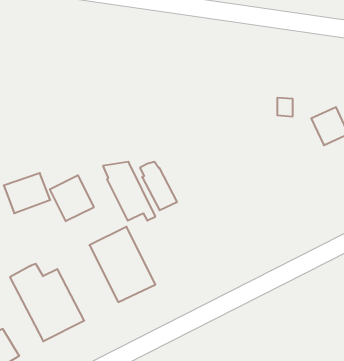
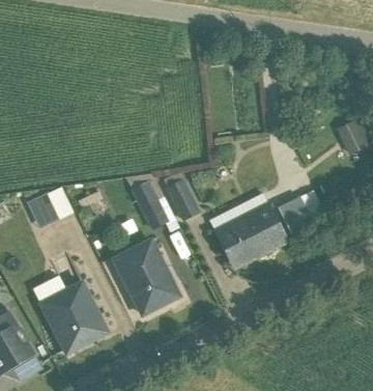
building: [50,175,94,221] -> none
building: none -> [278,191,324,234]
building: none -> [210,194,287,269]

